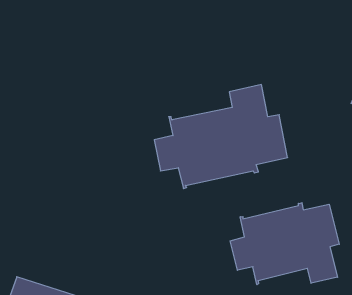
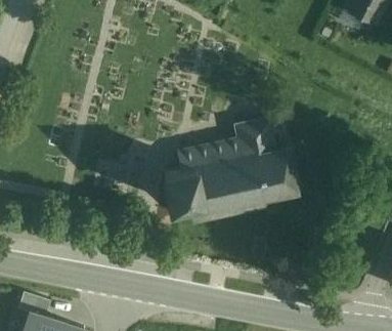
building: [230,203,339,285] -> none

